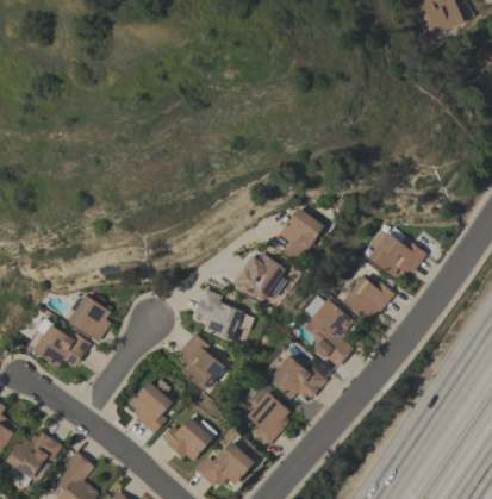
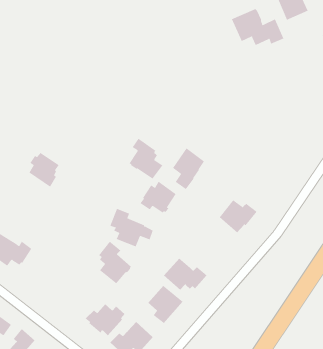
building: none -> [231,8,284,46]
building: none -> [129,138,163,180]
building: [362,230,426,276] -> none
building: [69,294,111,342] -> [29,152,59,187]
building: [304,298,354,367] -> none
building: [129,378,173,433] -> none

